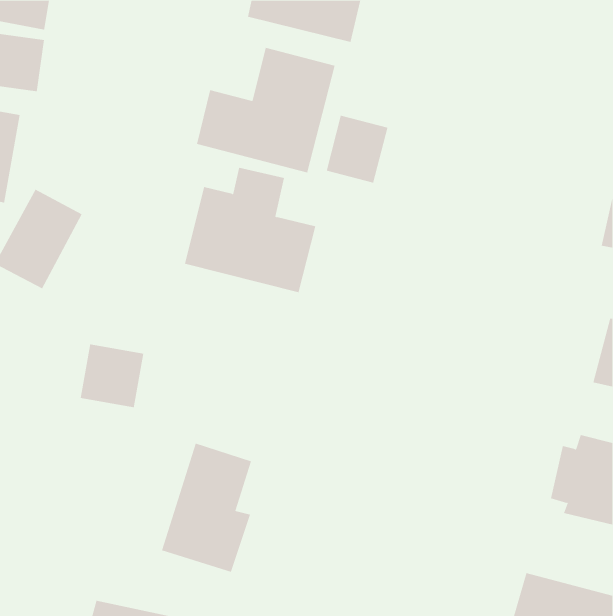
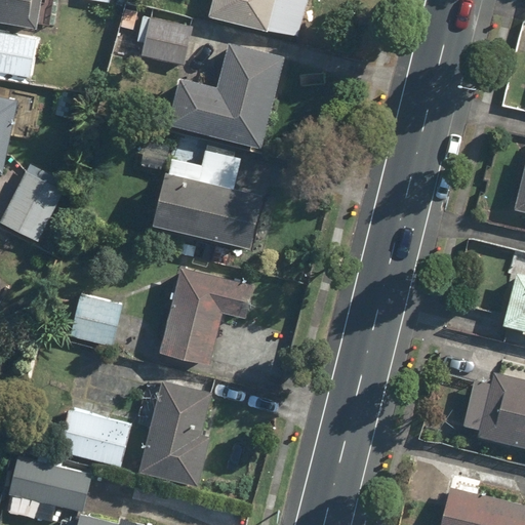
building: none -> [136,11,197,69]
building: [326,115,388,183] -> none
building: none -> [160,267,252,365]
building: none -> [52,409,135,470]
building: none -> [7,453,89,508]

